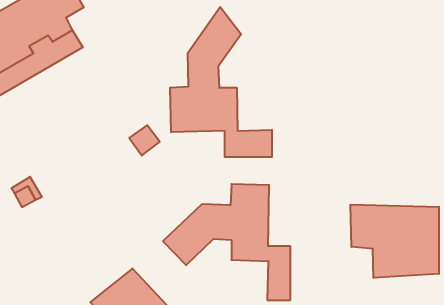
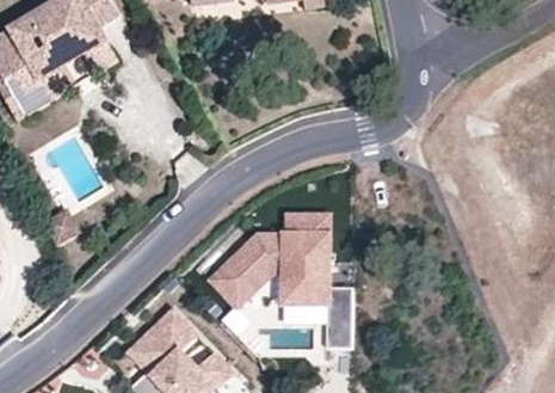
building: [170,7,272,157] -> none
building: [350,205,439,278] -> none

